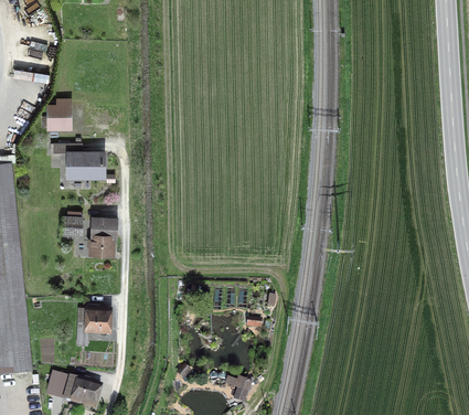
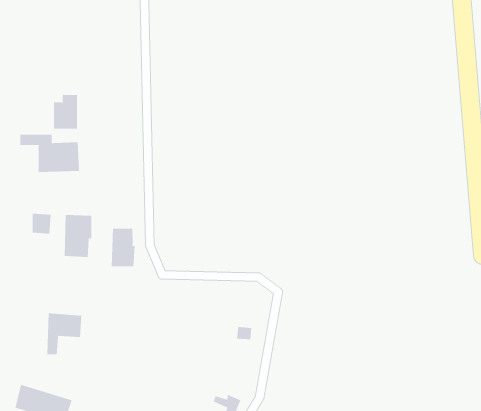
building: [49,102,71,132] -> [53,95,78,129]
building: none -> [111,228,135,267]

